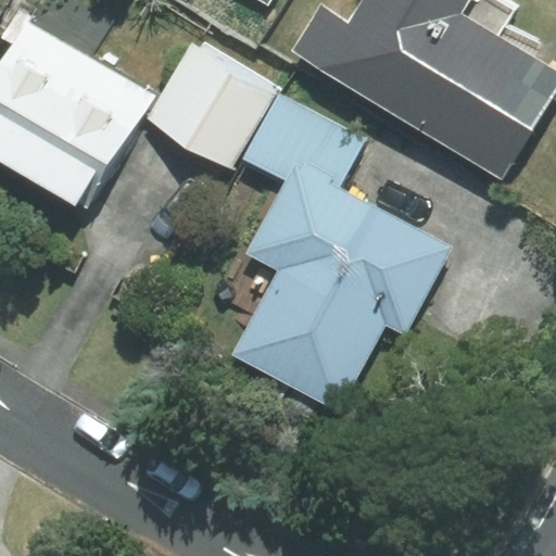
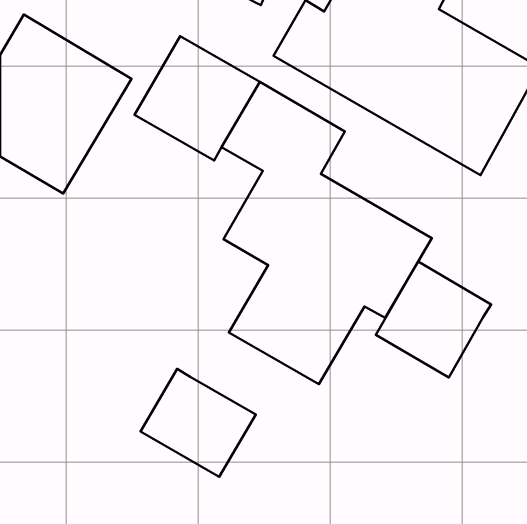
building: none -> [376,262,491,378]
building: none -> [141,369,256,477]

